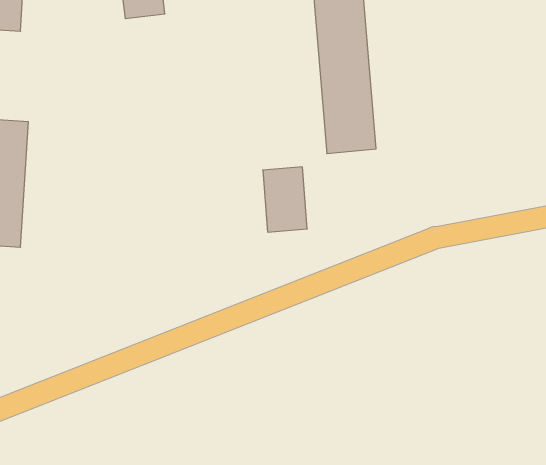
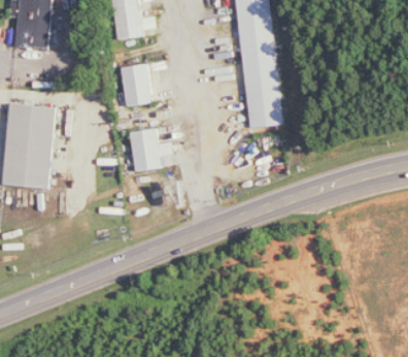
building: none -> [121,64,151,106]
building: [263,167,307,232] -> [131,129,160,171]

